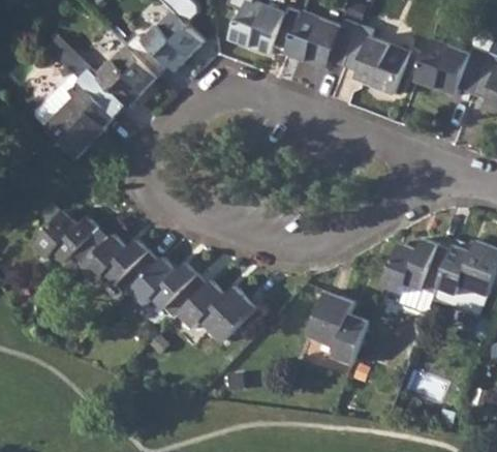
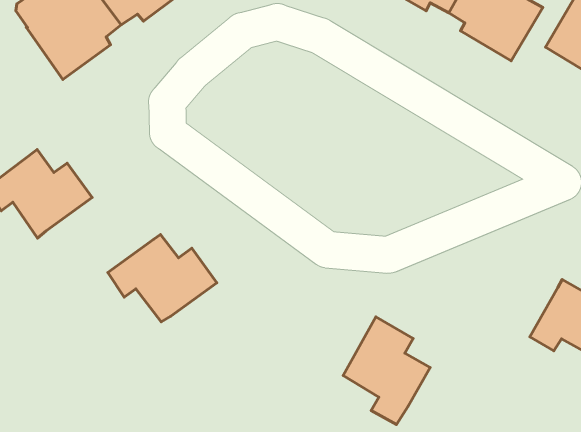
building: [81,235,158,297] -> none
building: [381,239,451,295] -> none
building: [179,280,256,343] -> none

